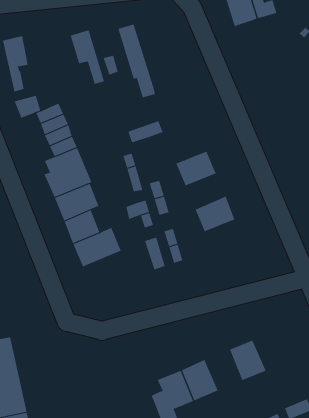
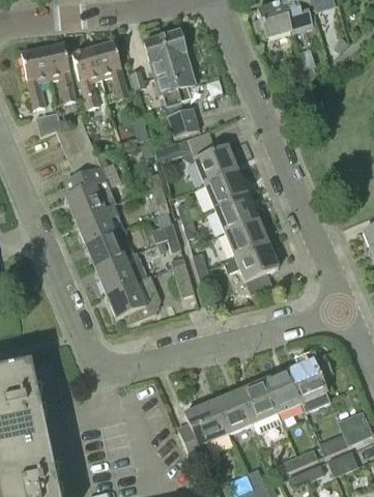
building: none -> [161,29,196,100]
building: none -> [42,42,76,99]
building: none -> [71,47,102,108]
building: none -> [168,107,199,136]
building: none -> [194,144,237,182]
building: none -> [214,193,258,231]
building: none -> [223,241,278,293]
building: none -> [106,274,156,323]
building: none -> [286,353,330,411]
building: none -> [235,379,279,433]

